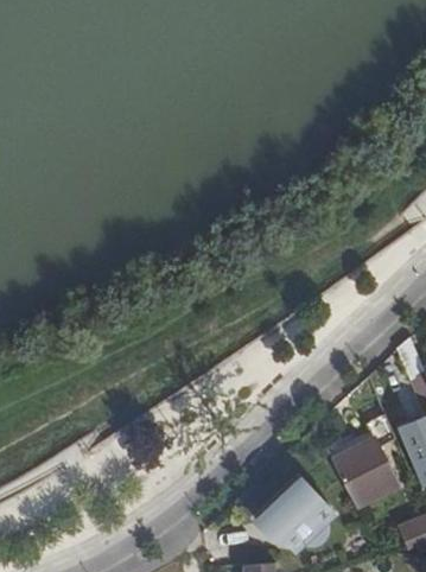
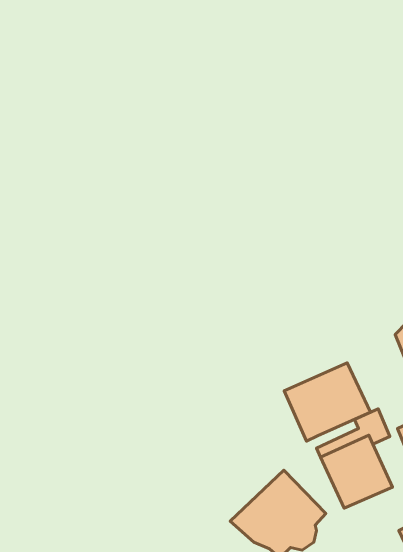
building: none -> [284,363,371,441]

